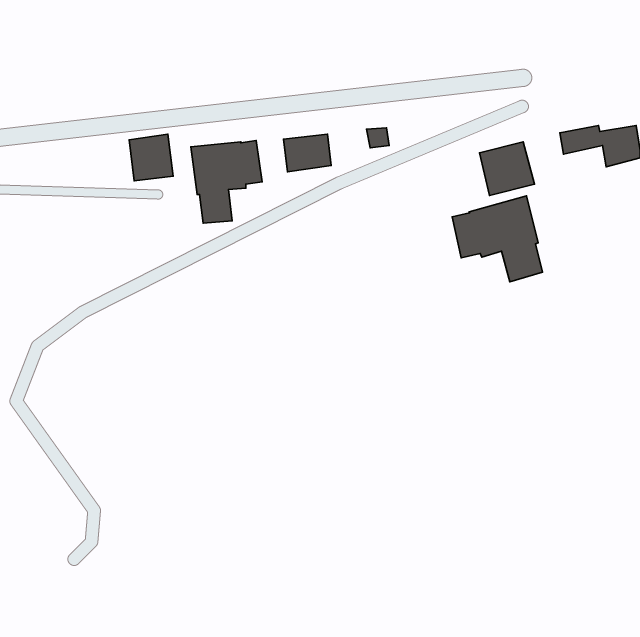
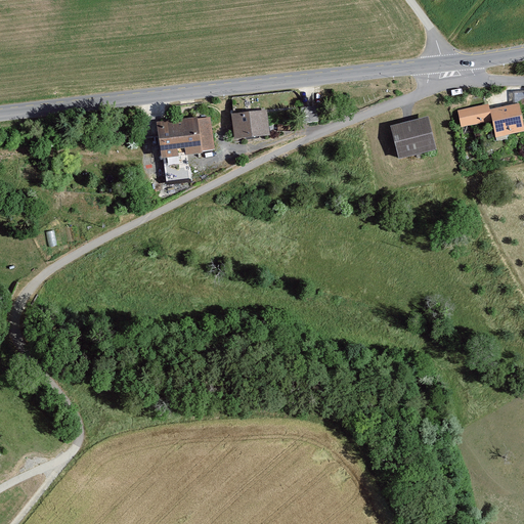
building: [129,134,173,181] -> none
building: [452,196,543,282] -> none

